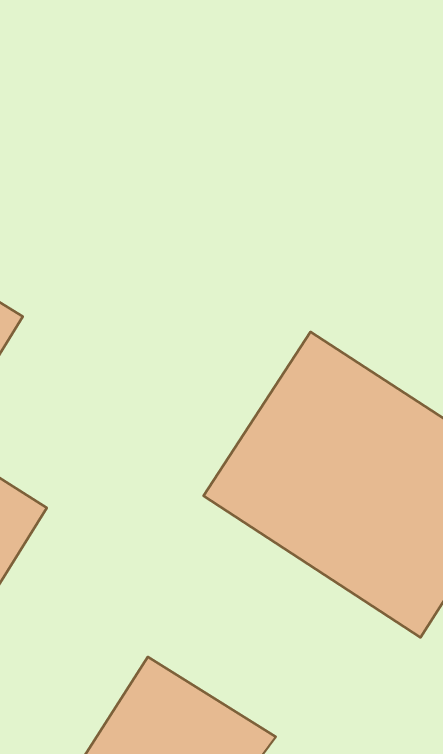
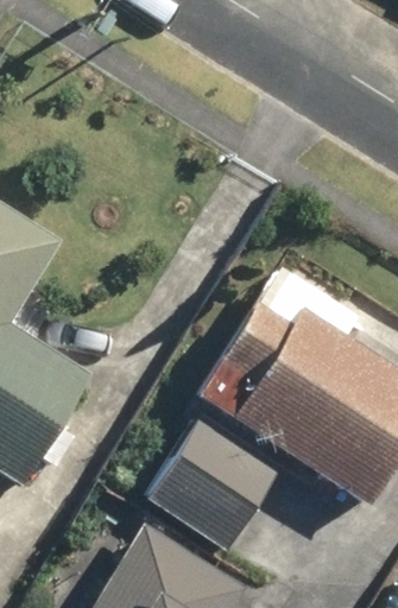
building: none -> [150,422,285,553]

